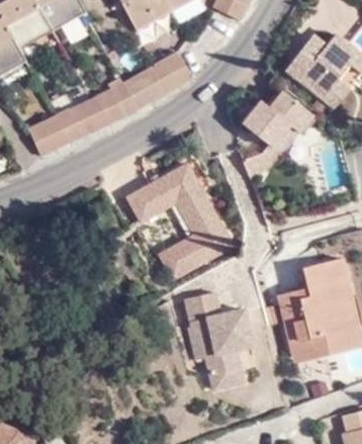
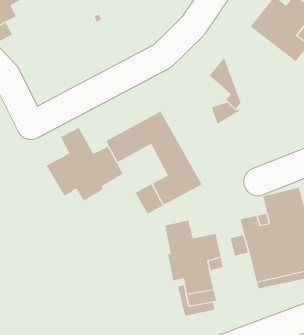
building: [29,51,193,154] -> none
building: [258,96,308,156] -> none
building: none -> [46,127,124,201]

